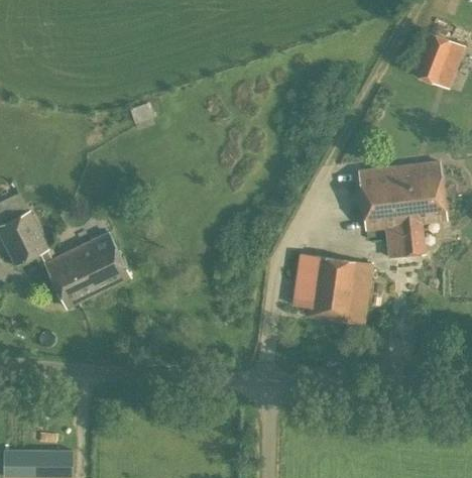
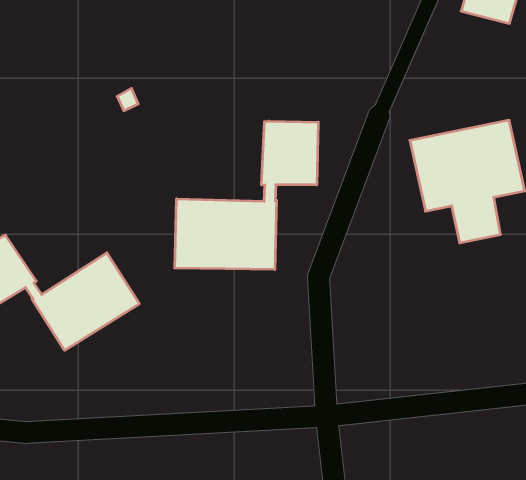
building: none -> [175,121,318,270]
building: [292,253,373,325] -> none

